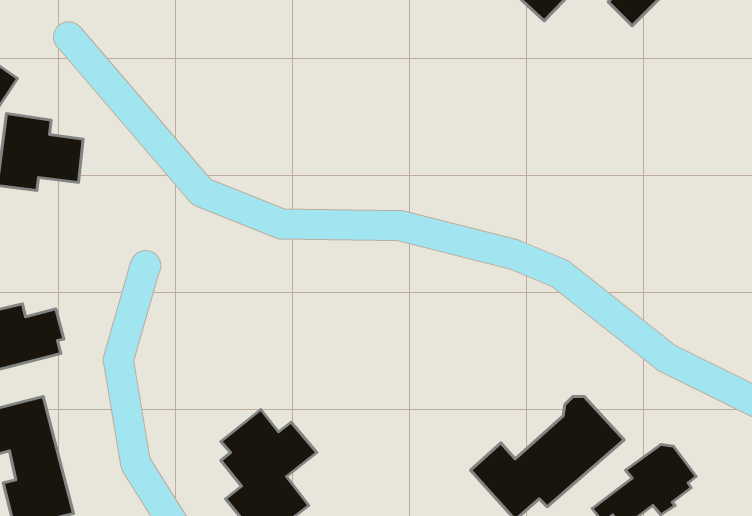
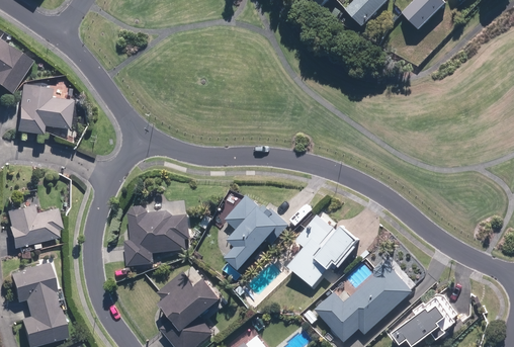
building: none -> [226,195,289,271]
building: none -> [125,206,190,265]
building: none -> [290,214,356,286]

